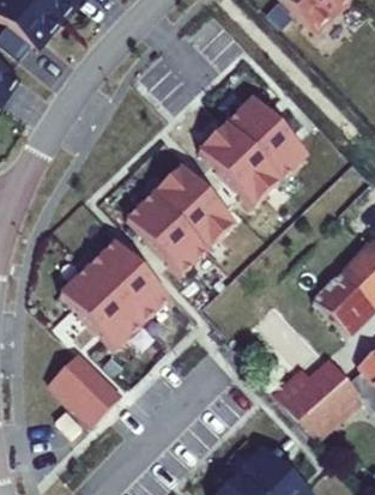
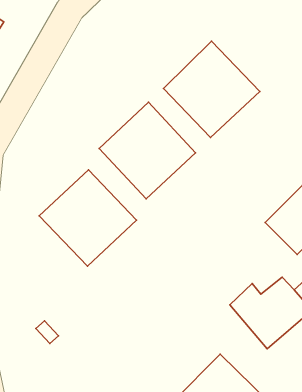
building: [49,351,121,424] -> none

